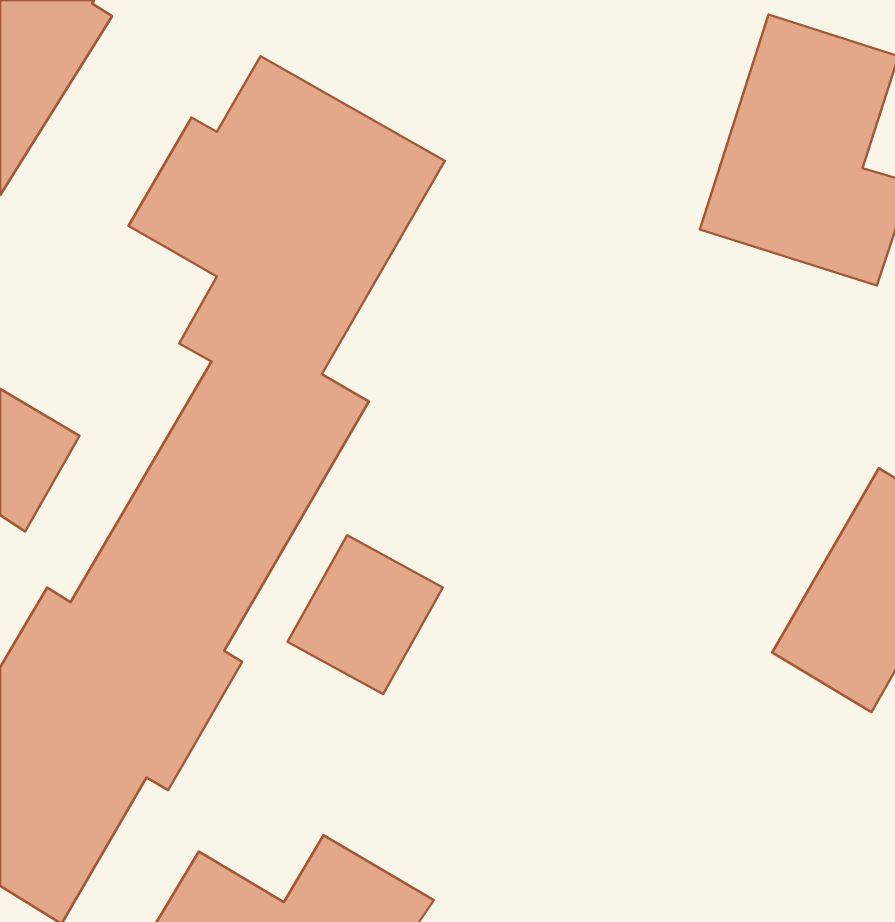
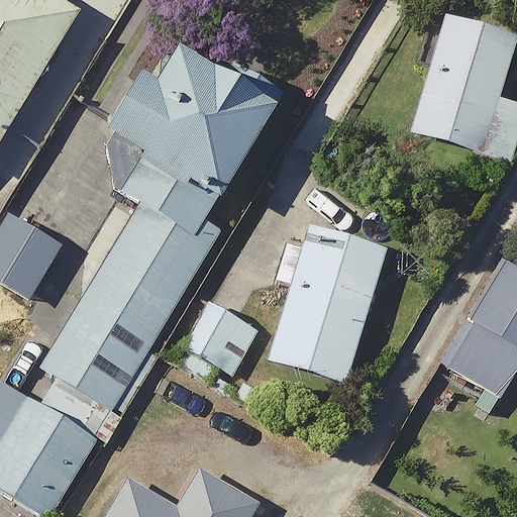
building: none -> [267,223,387,383]

